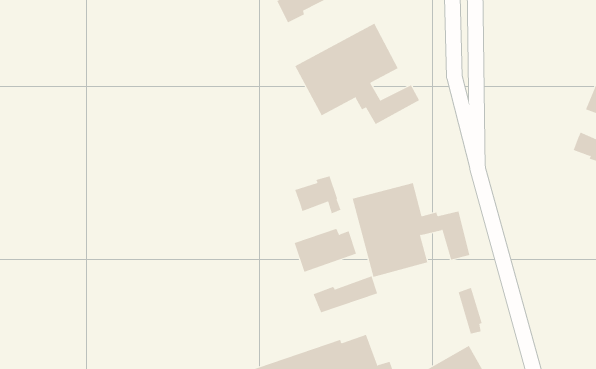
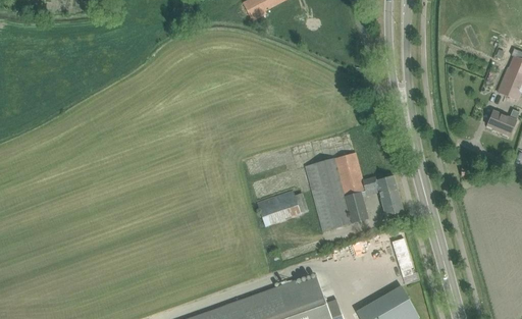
building: [294,23,420,125] -> none
building: [295,176,341,214] -> none
building: [313,276,378,313] -> none

